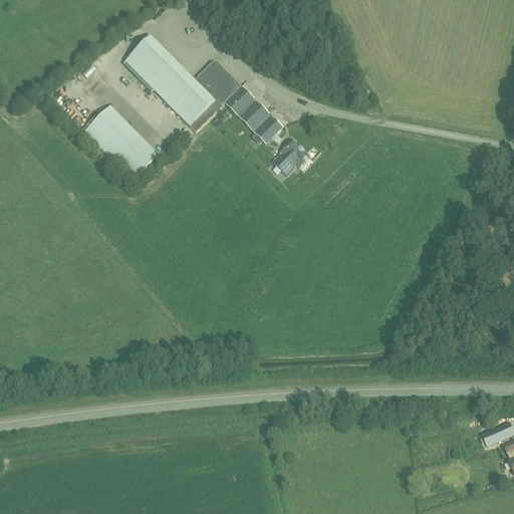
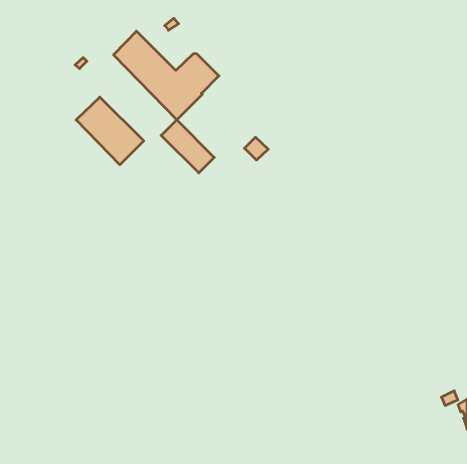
building: [224,84,282,143] -> [161,120,214,173]
building: [280,139,309,167] -> none

